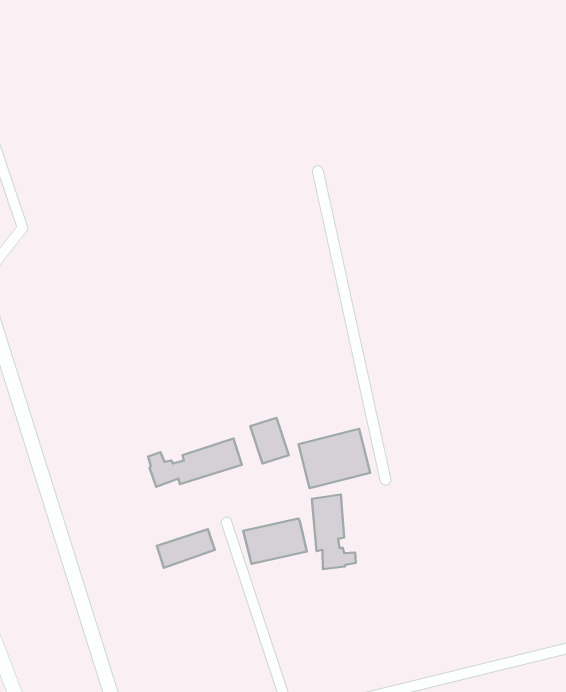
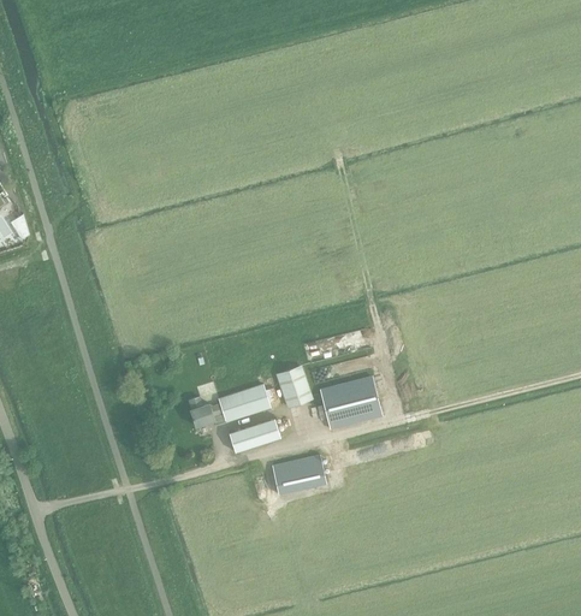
building: [312,494,356,569] -> none
building: [157,529,215,568] -> [229,419,279,452]

